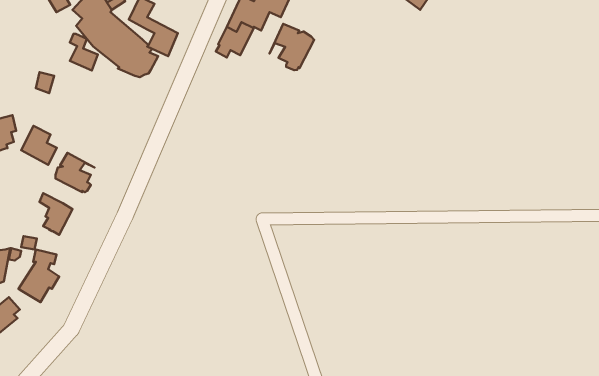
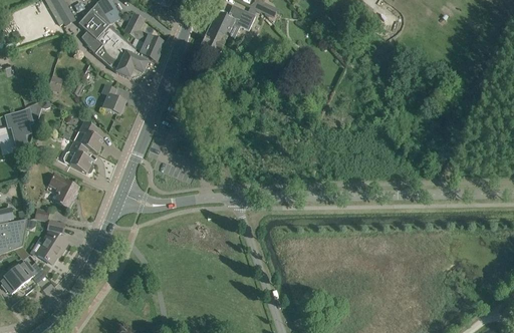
building: [270,24,314,70] -> none
building: [70,34,98,71] -> [101,84,124,114]
building: [21,126,57,165] -> [73,120,102,152]

